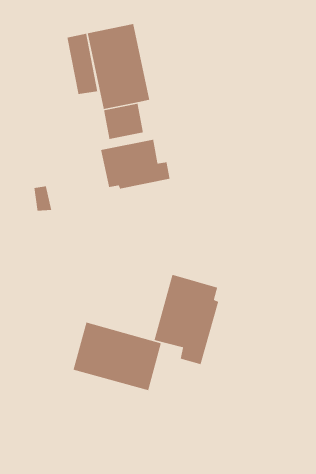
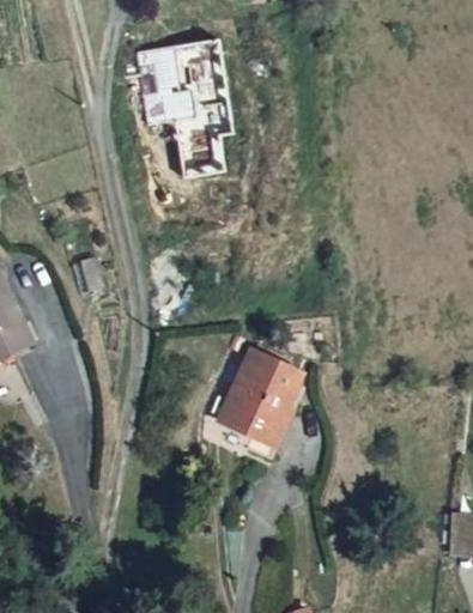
building: [100,139,171,189] -> none
building: [73,322,162,391] -> none

